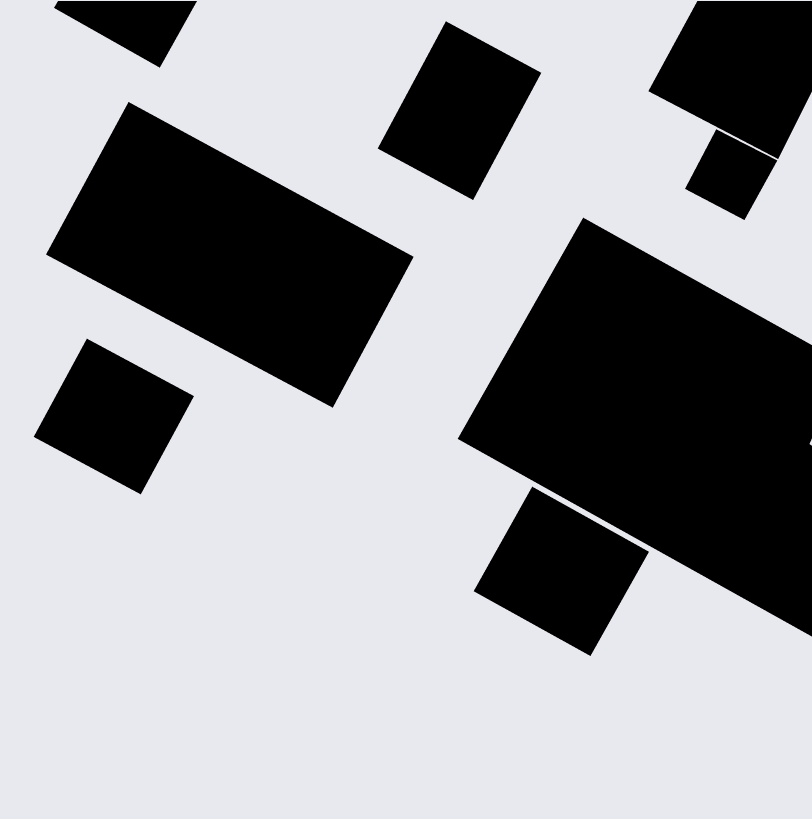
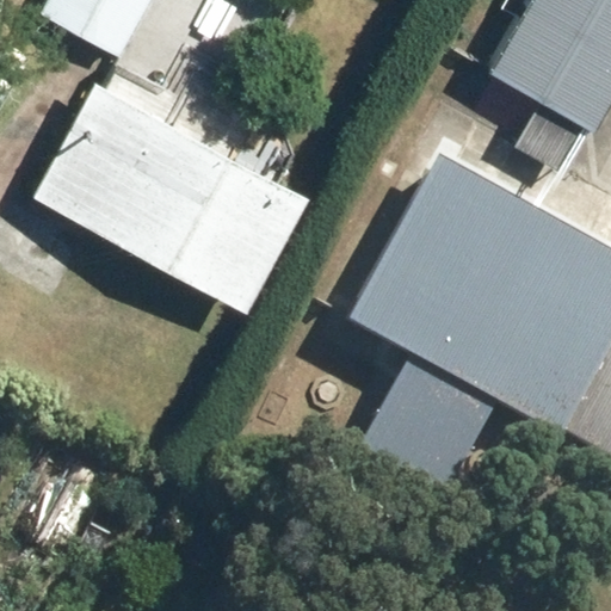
building: [377,20,542,201] -> none
building: [32,337,195,495] -> none

